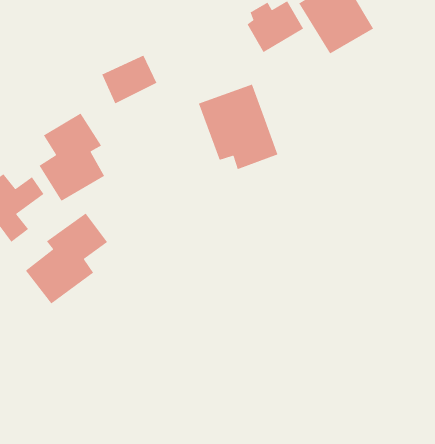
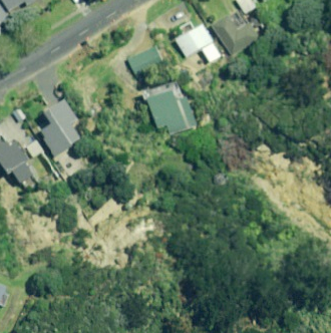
building: [101,54,158,105] -> [127,45,164,78]
building: [25,212,108,305] -> none

